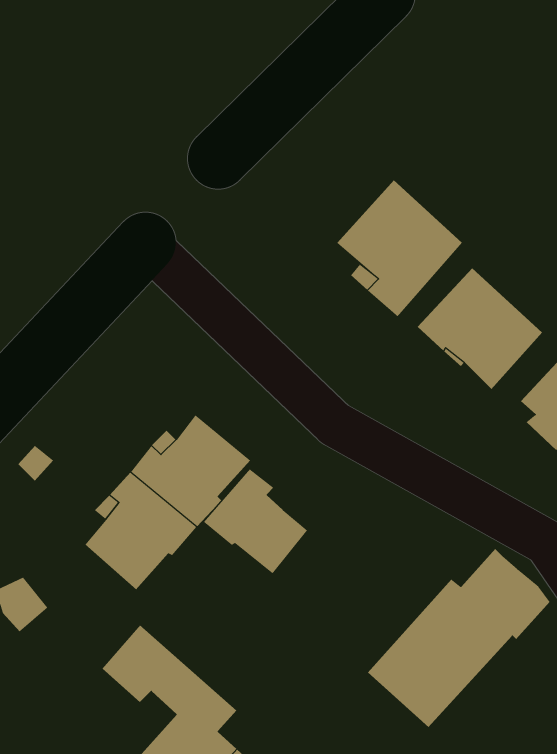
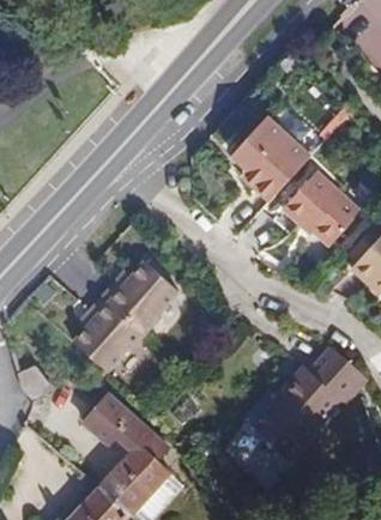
building: [203,469,308,574] -> none

